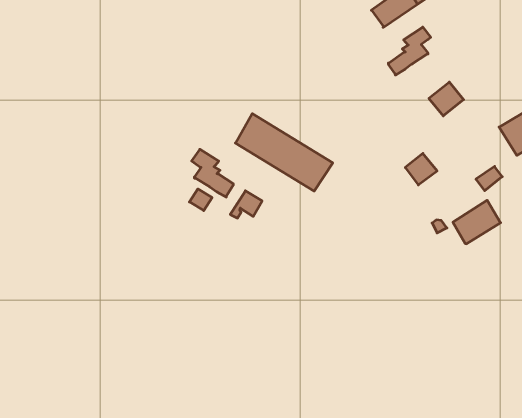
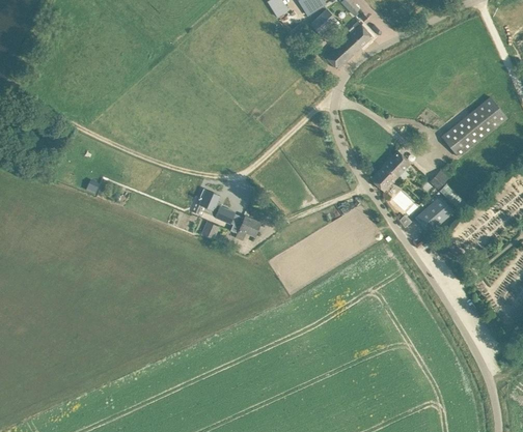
building: [388,27,431,75] -> none
building: [429,82,464,116] -> [383,149,411,177]
building: [235,114,333,191] -> none

